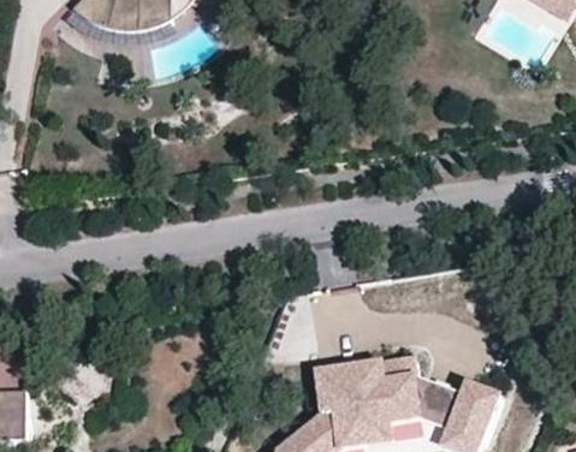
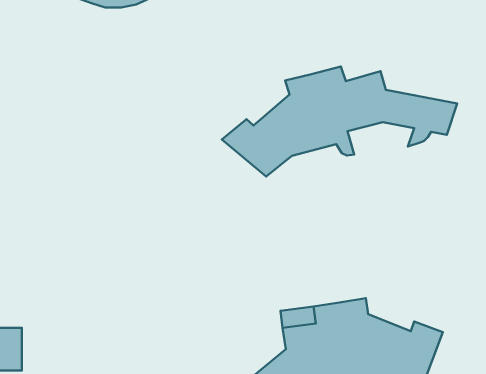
building: none -> [222,66,457,177]

